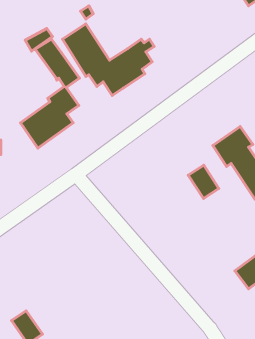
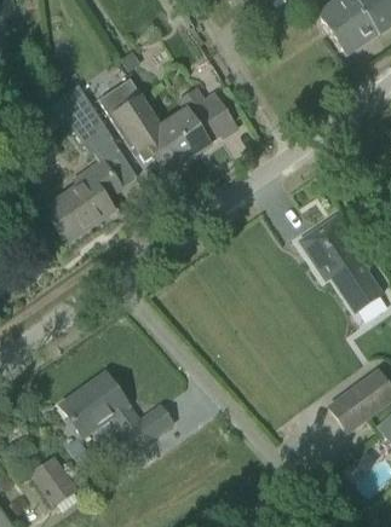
building: [188,165,219,199] -> none
building: none -> [61,372,173,457]

